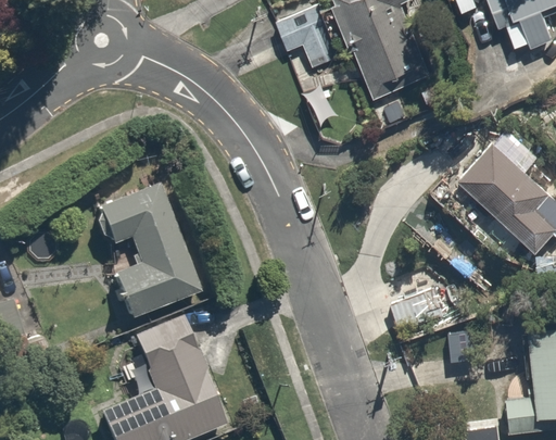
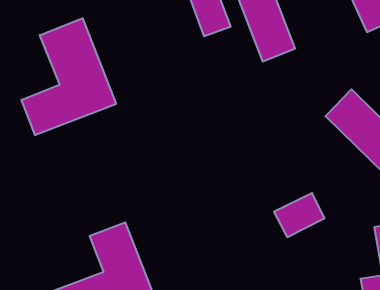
building: none -> [21,18,116,135]
building: [108,190,208,327] -> none

